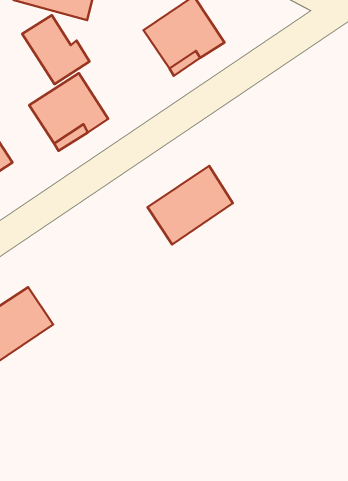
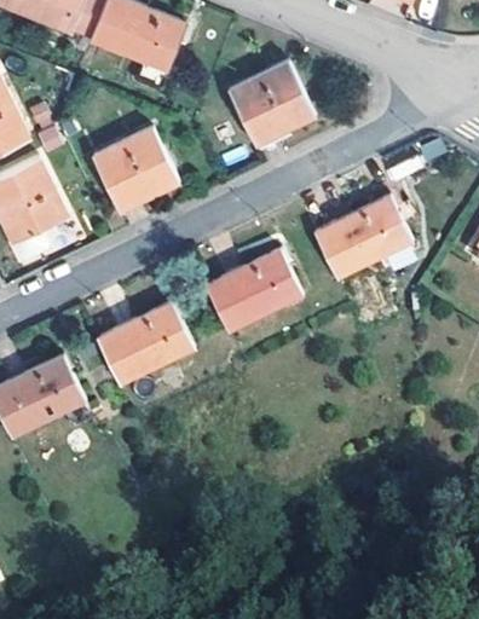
building: [22,15,89,84] -> none
building: none -> [313,197,410,278]
building: none -> [98,303,192,383]

